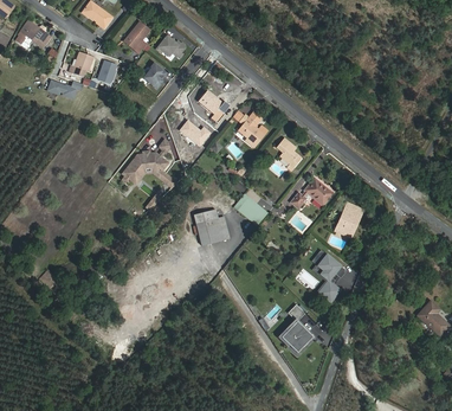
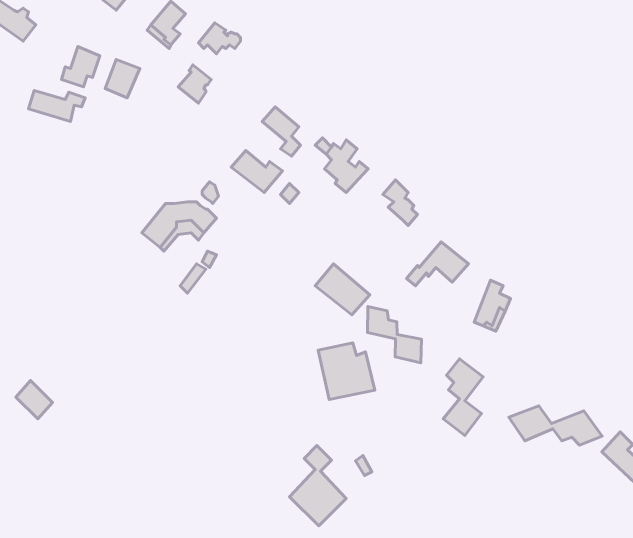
building: [194,208,231,245] -> [318,343,375,399]
building: none -> [368,306,421,363]
building: none -> [509,406,602,445]
building: [278,303,315,355] -> [290,446,346,526]

